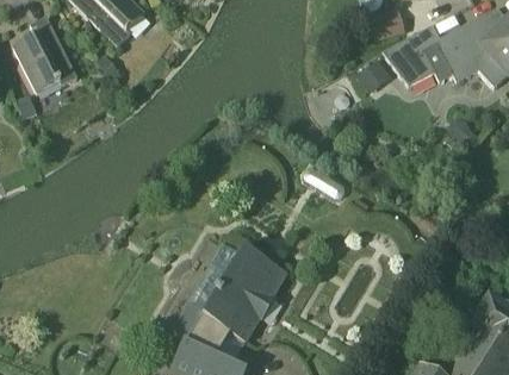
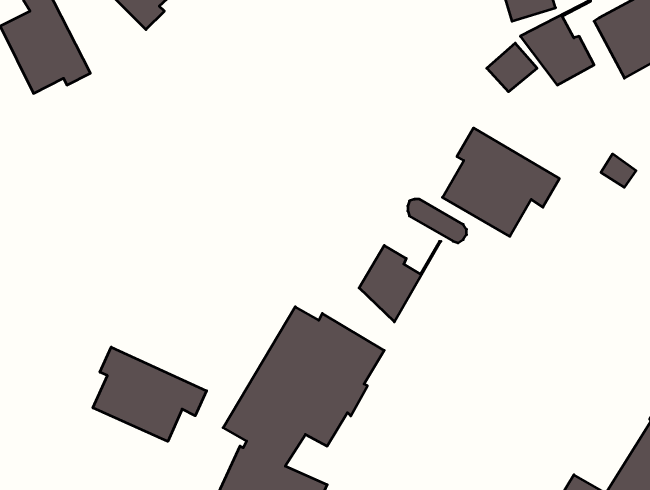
building: none -> [442,128,559,236]
building: none -> [359,241,441,322]
building: none -> [93,347,207,441]

